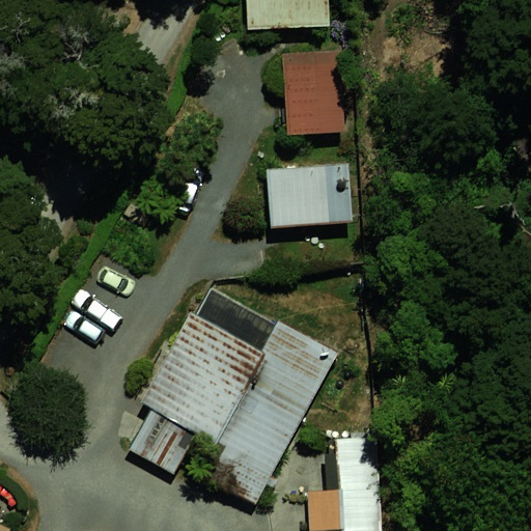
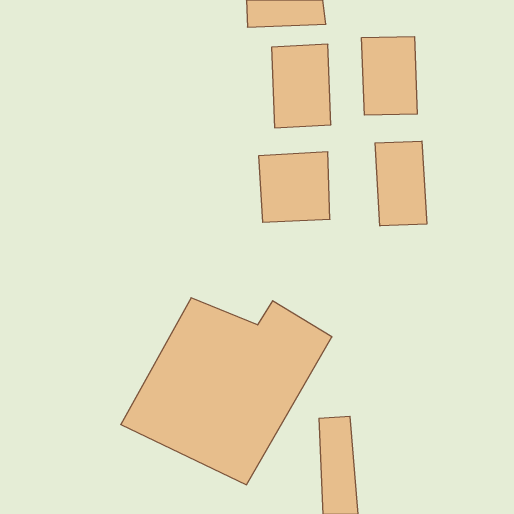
building: none -> [362,37,417,115]
building: none -> [375,141,427,226]

